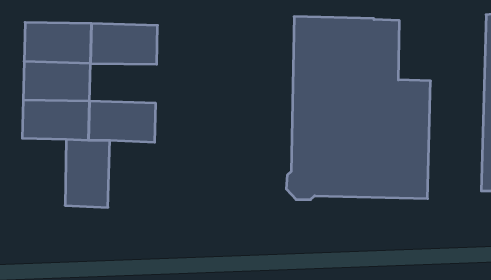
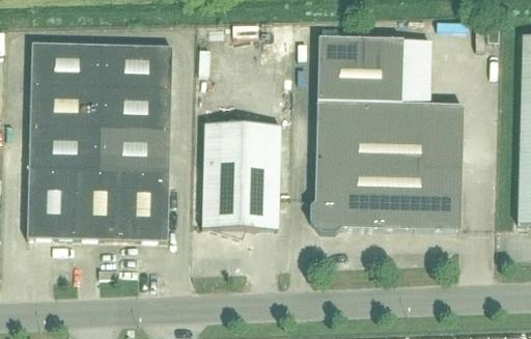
building: none -> [101,85,172,128]
building: none -> [202,120,281,236]
building: none -> [27,165,76,236]
building: none -> [120,167,170,239]

